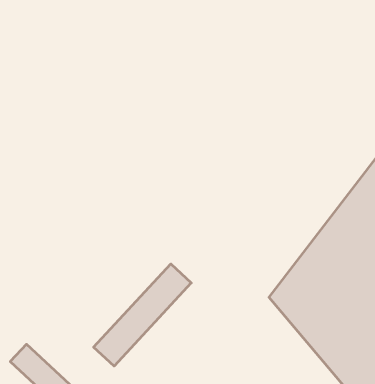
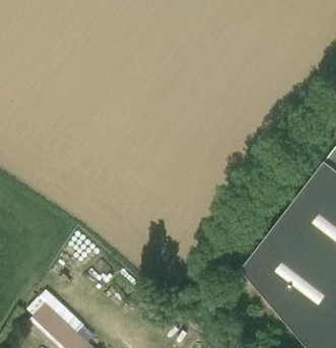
building: [94,264,191,366] -> none

